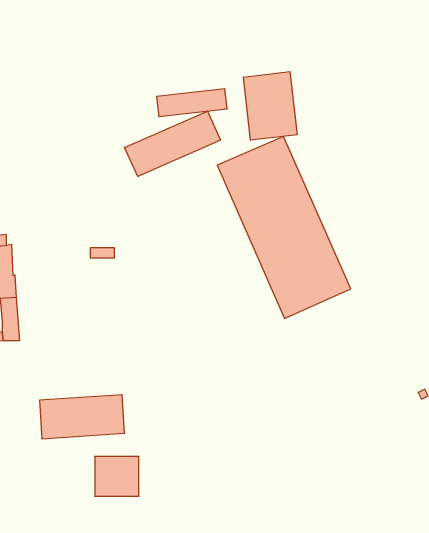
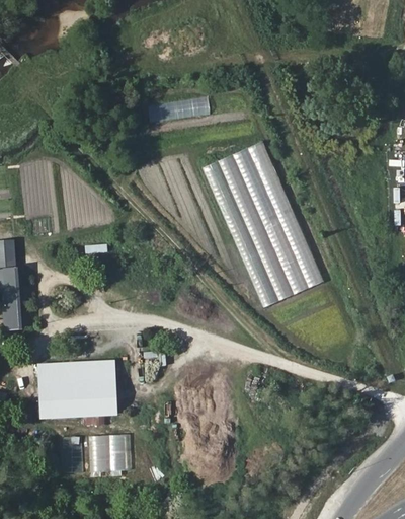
building: [243,72,297,140] -> none
building: [125,111,221,176] -> none
building: none -> [37,360,114,383]

